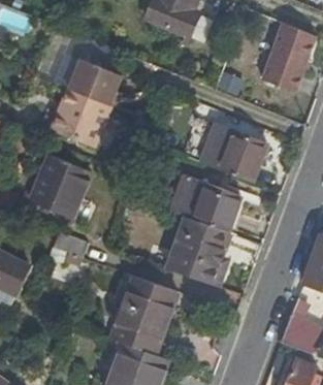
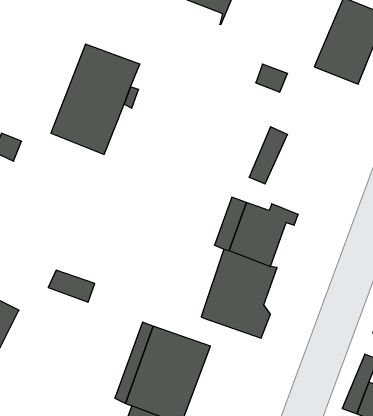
building: [220,130,267,182] -> none
building: [30,152,91,216] -> none

